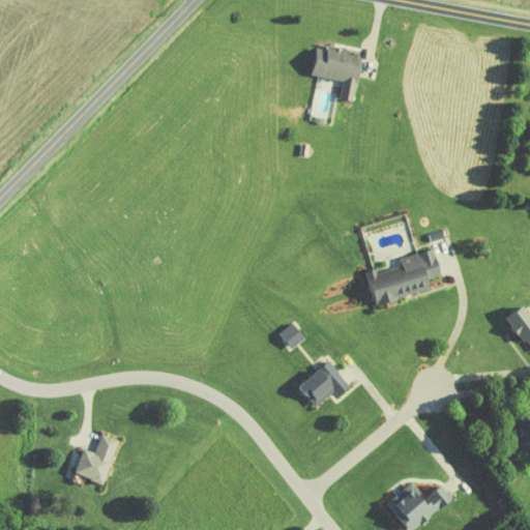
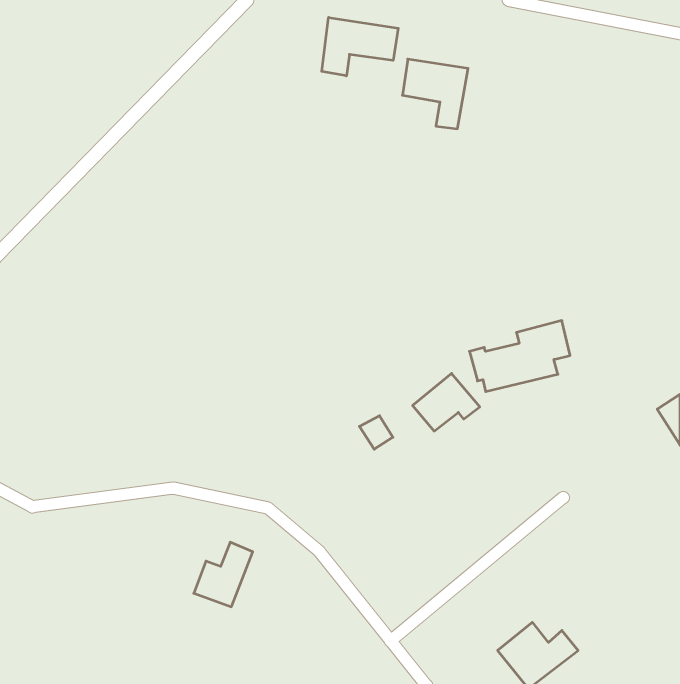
building: none -> [322,17,398,76]
building: [297,361,349,406] -> [413,373,480,431]
building: [71,434,117,483] -> [194,542,253,607]

